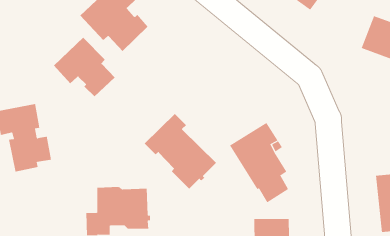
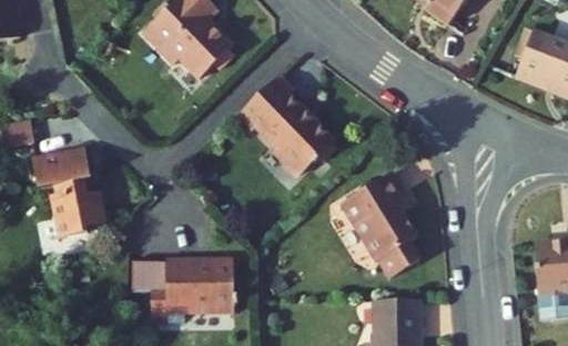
building: [53,37,116,97] -> none
building: [144,113,217,190] -> [237,74,334,175]
building: none -> [131,262,164,293]

